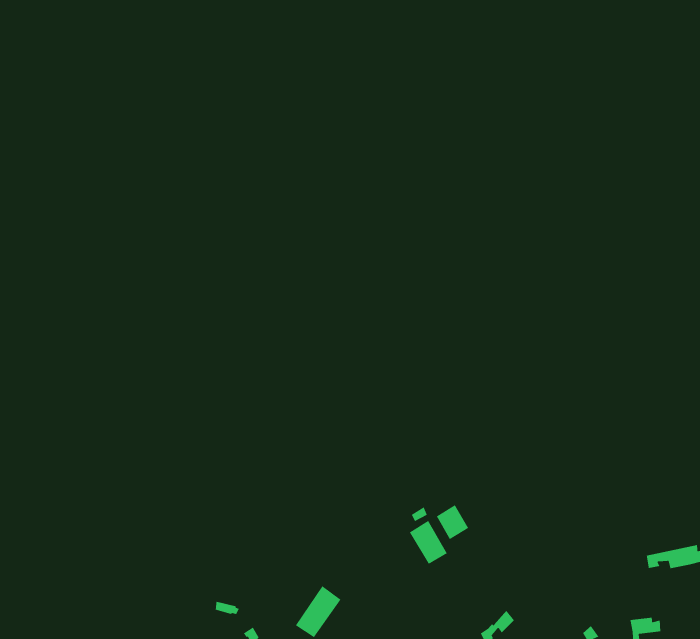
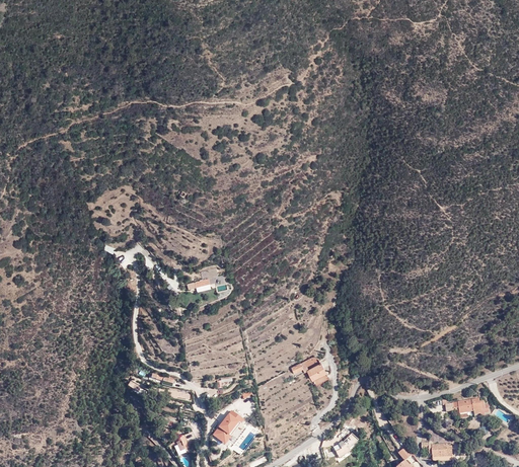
building: [409,520,448,565] -> none

